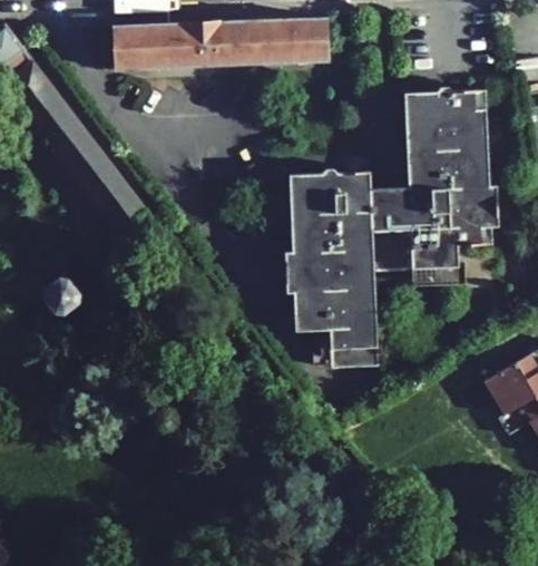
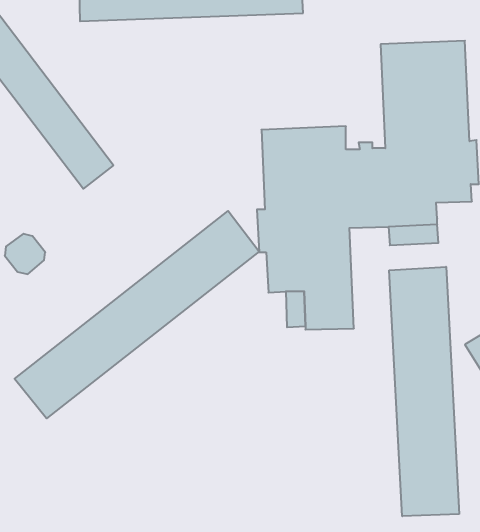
building: none -> [15,211,259,418]
building: none -> [389,267,459,516]

